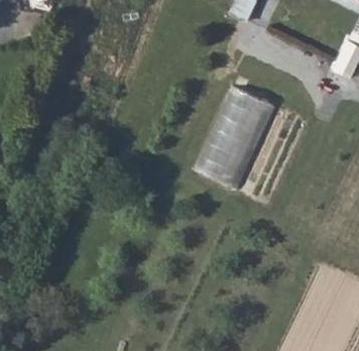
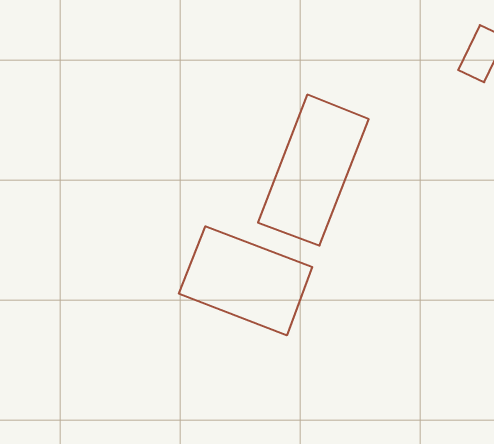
building: none -> [179,226,312,335]

